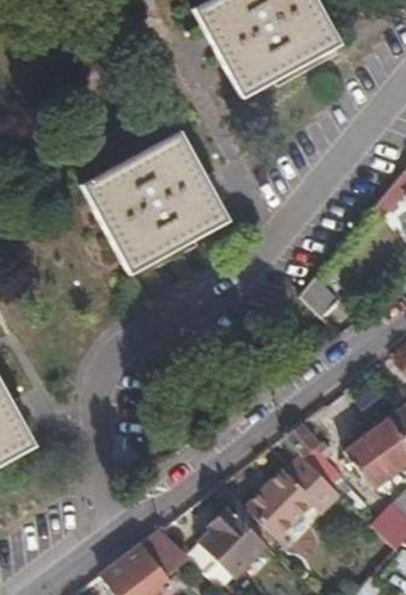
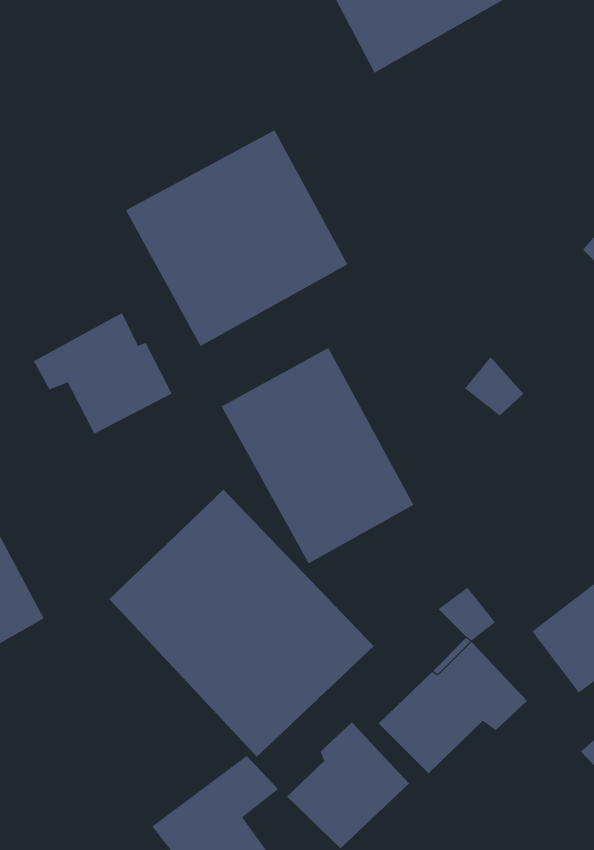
building: none -> [33,312,172,435]
building: none -> [221,347,414,564]
building: none -> [109,489,374,758]

